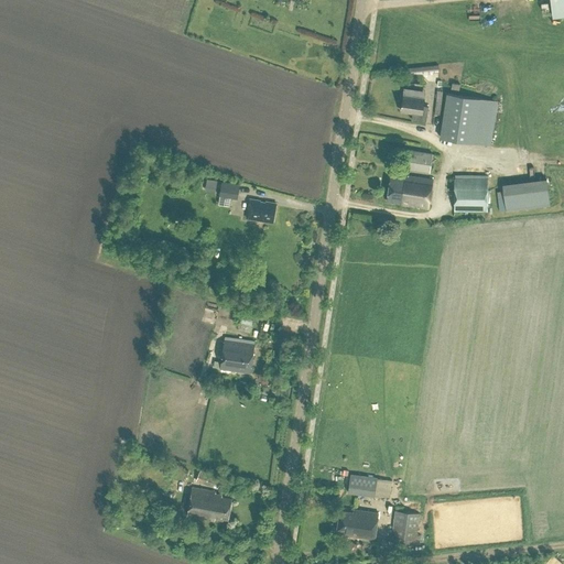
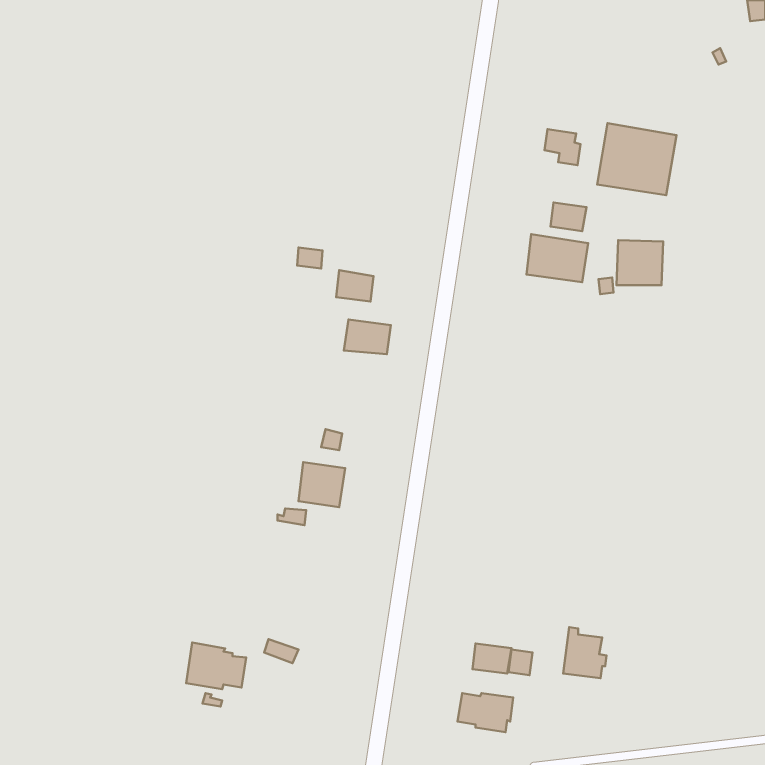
building: [502,178,549,210] -> none
building: none -> [344,320,391,354]
building: [186,487,230,521] -> [186,643,246,689]
building: [390,507,422,544] -> [563,627,607,678]

